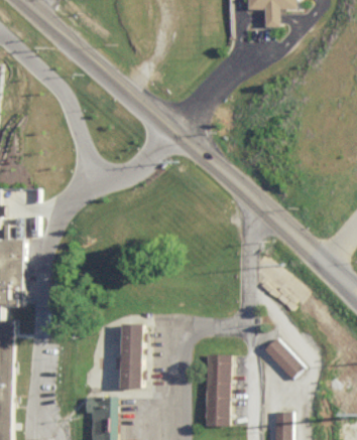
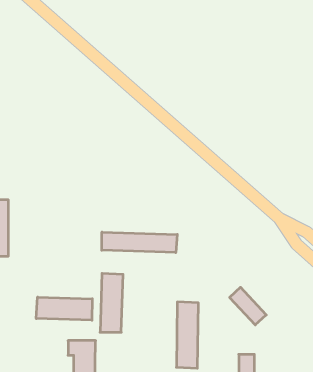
building: none -> [102,232,177,253]
building: none -> [36,297,92,320]

